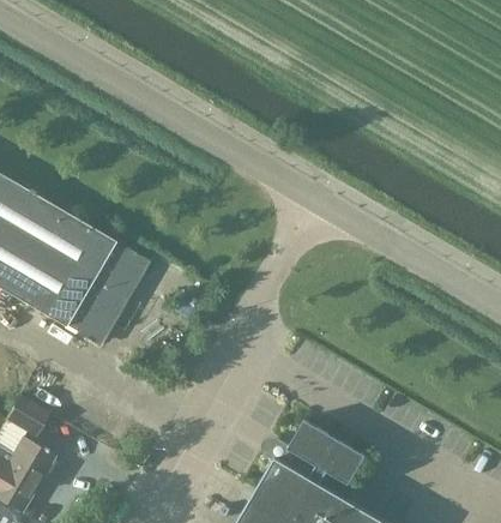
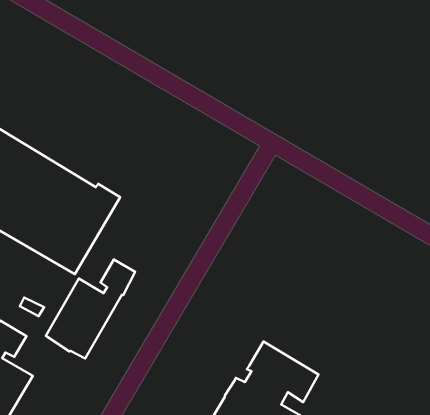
building: none -> [46,260,135,359]

